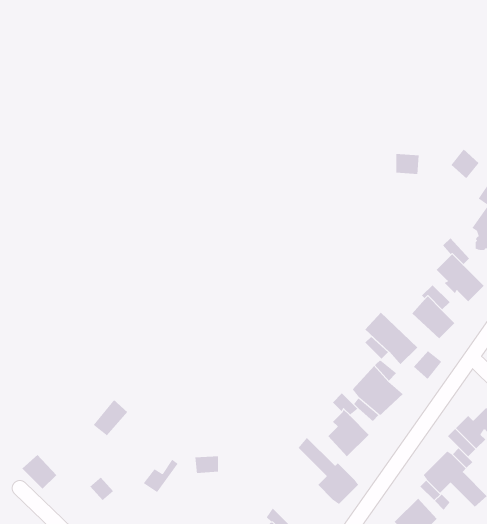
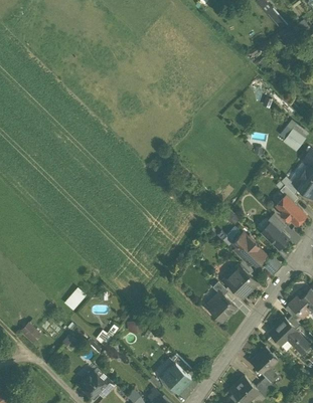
building: [298,437,359,505] -> none

